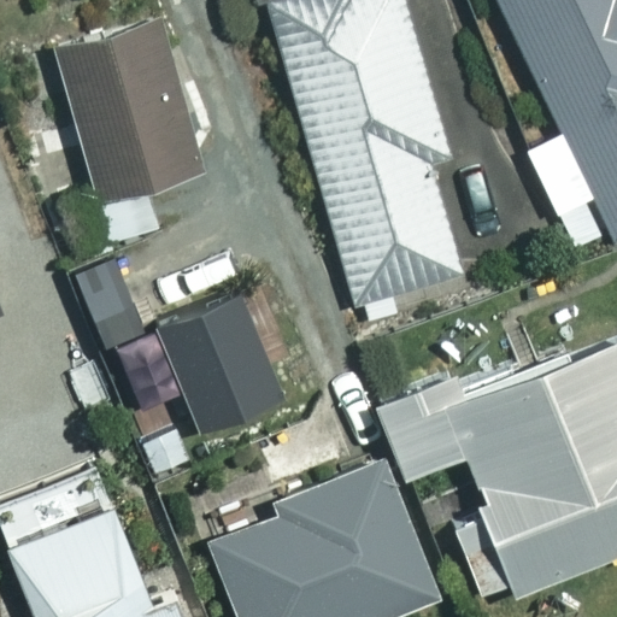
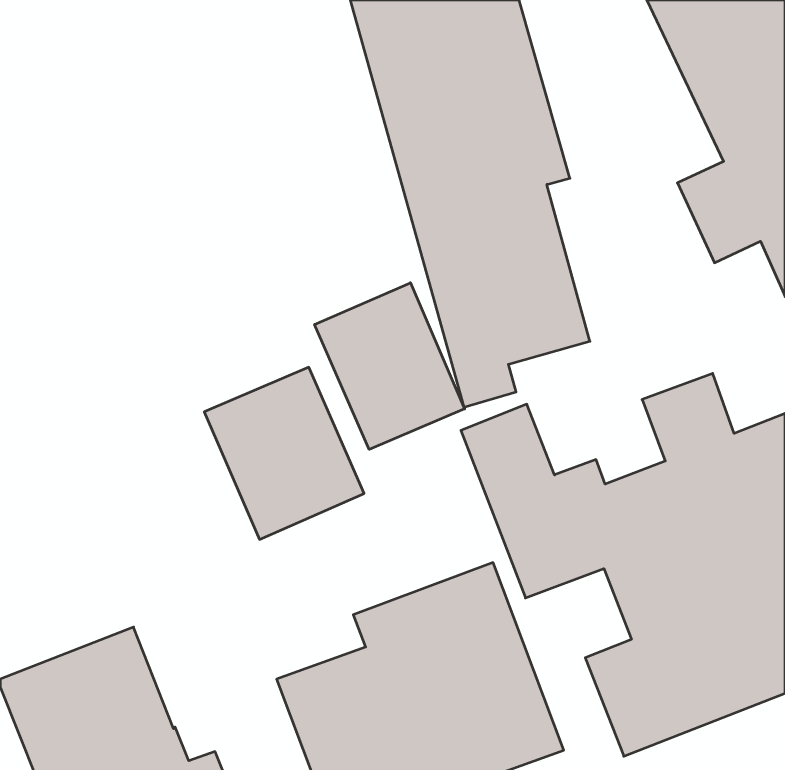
building: [49,20,208,254] -> none
building: none -> [315,283,465,449]

